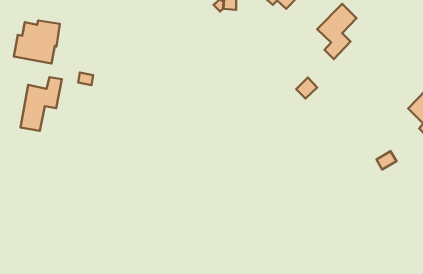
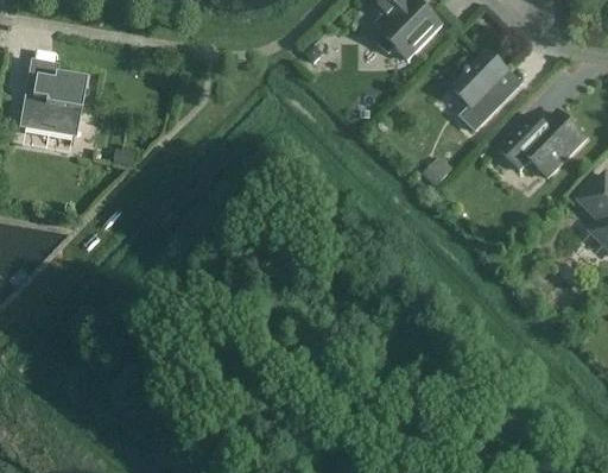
building: none -> [499,109,585,175]
building: [21,77,62,131] -> none

